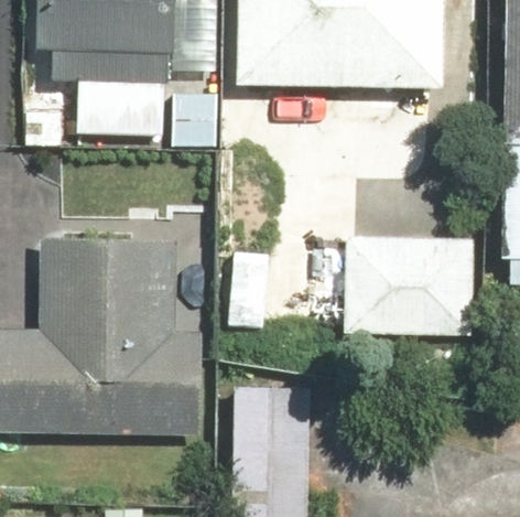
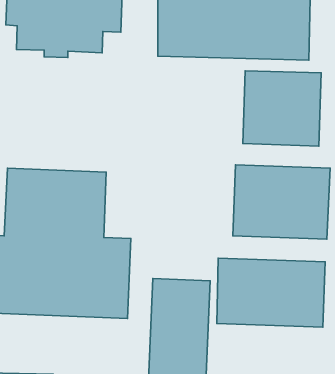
building: none -> [243,71,321,146]
building: none -> [217,258,325,327]

